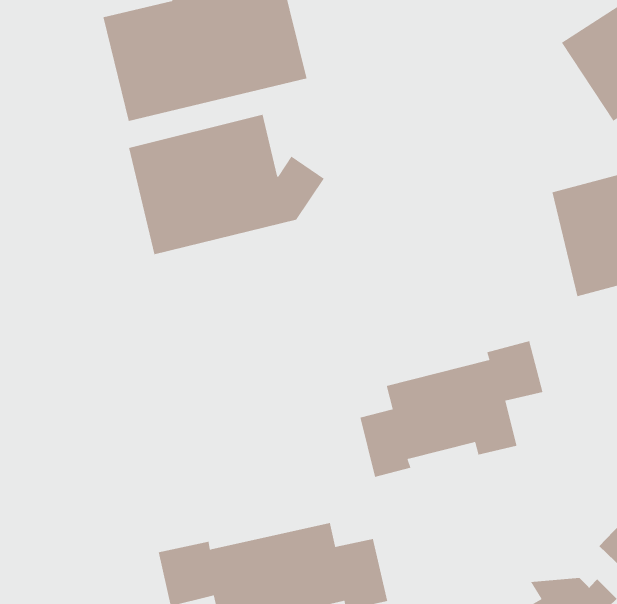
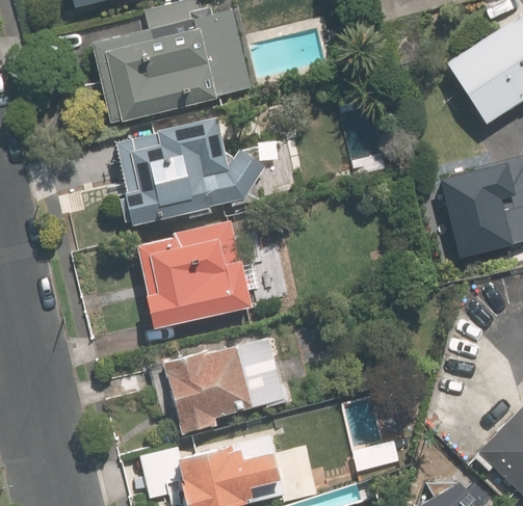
building: none -> [138,219,254,329]
building: [360,340,543,478] -> none
building: none -> [162,336,283,433]

